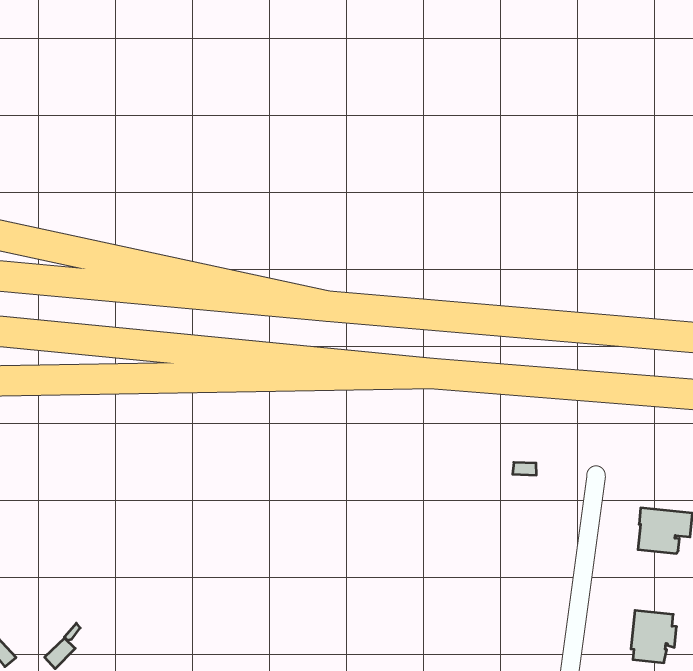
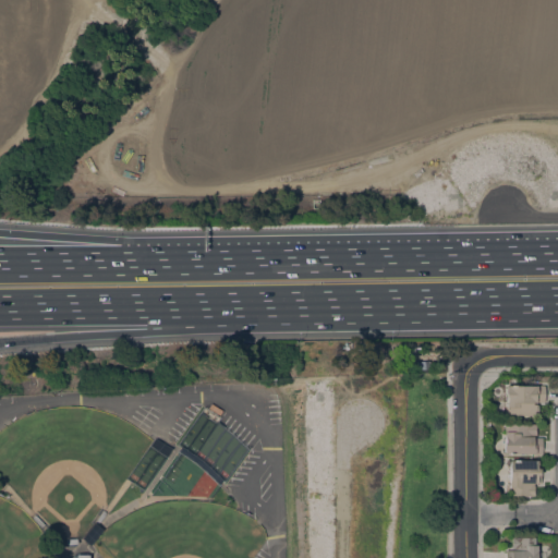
building: none -> [505,425,543,456]

